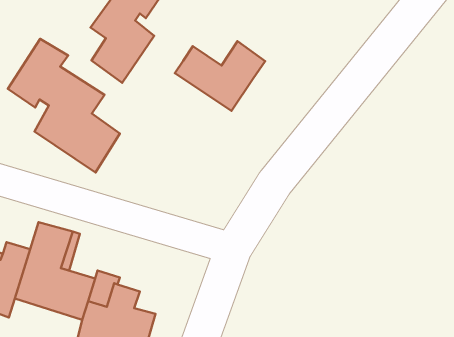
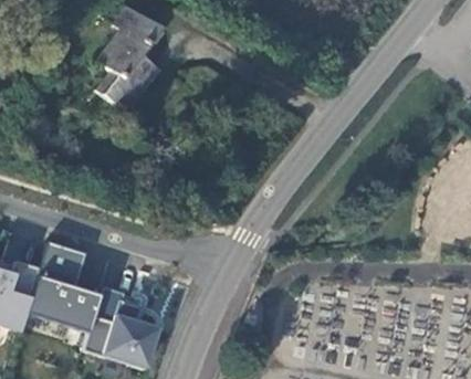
building: [8,39,120,173] -> none
building: [175,41,265,111] -> none

